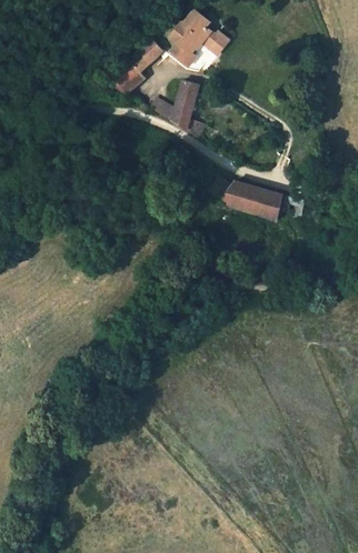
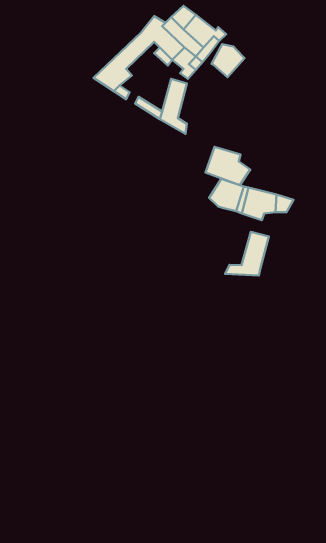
building: none -> [212,44,245,77]
building: none -> [206,147,250,185]
building: none -> [225,232,269,275]

